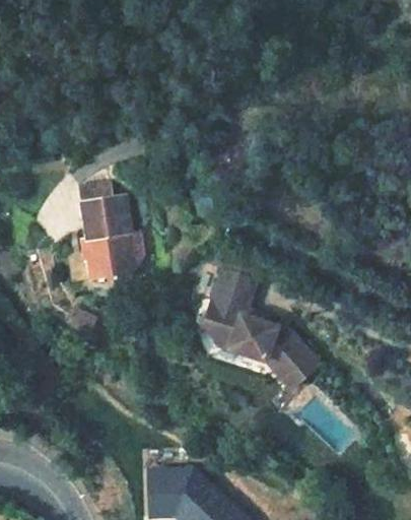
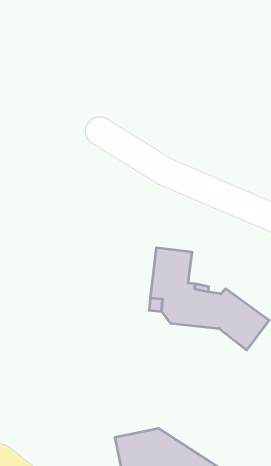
building: [76,187,149,275] -> none

